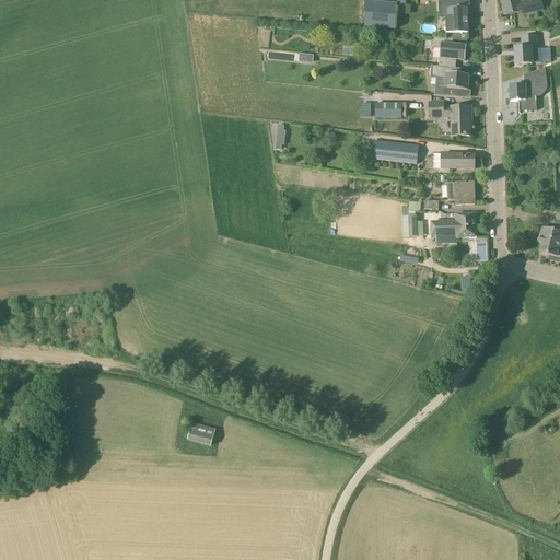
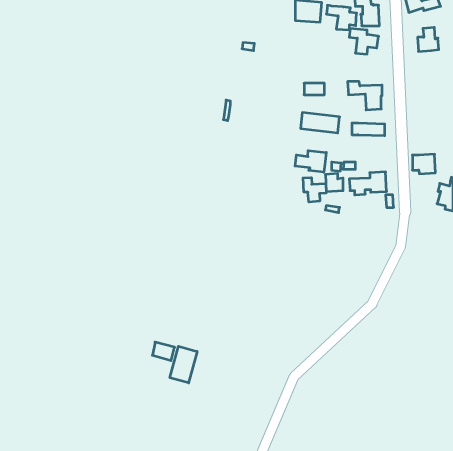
building: [432,65,469,95] -> [326,5,357,30]
building: [510,67,547,110] -> none
building: [447,180,476,205] -> [412,154,435,174]
building: none -> [295,151,326,172]
building: none -> [303,178,326,202]
building: none -> [170,346,197,383]

